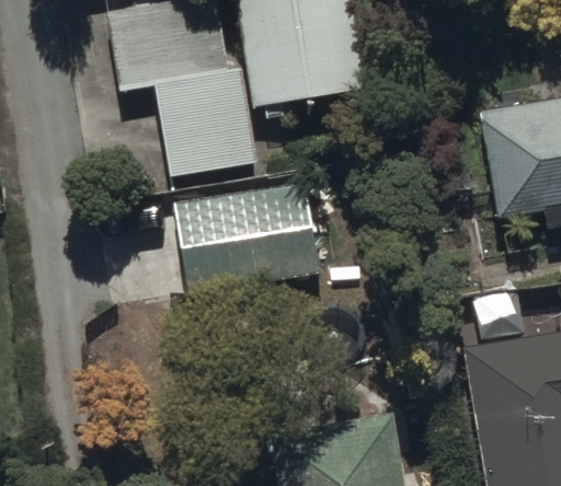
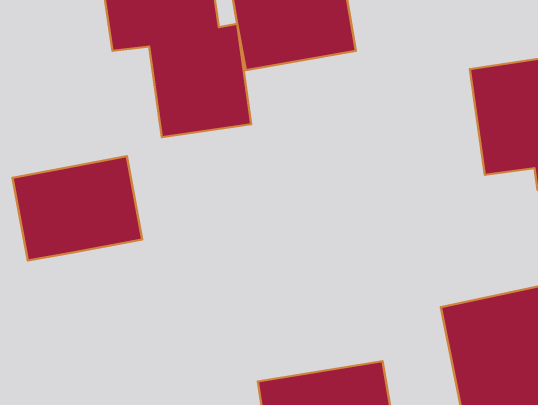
building: [171,176,323,293] -> none
building: none -> [13,156,142,260]

